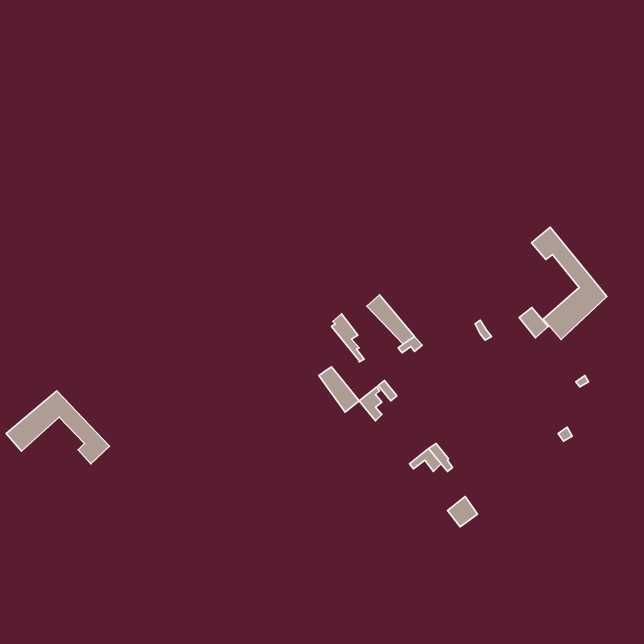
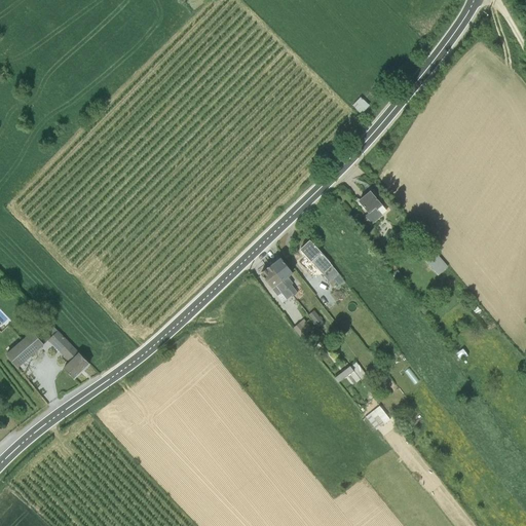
building: [532,227,607,339] -> none
building: none -> [359,191,386,224]
building: [319,367,359,412] -> [260,266,293,303]

